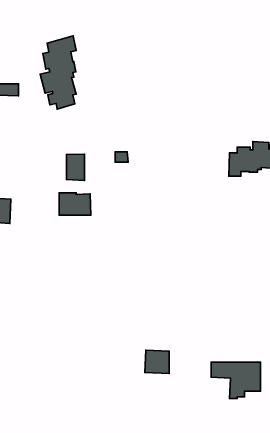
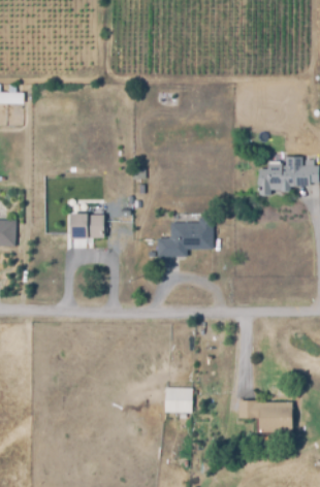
building: [40,36,76,109] -> none
building: [67,154,84,180] -> none
building: none -> [157,218,214,258]

